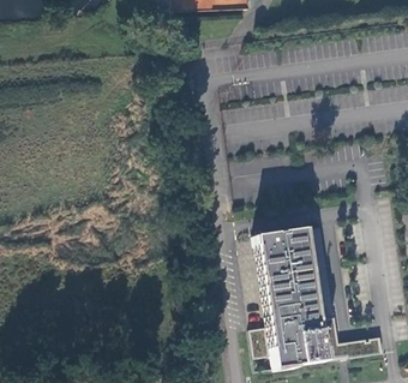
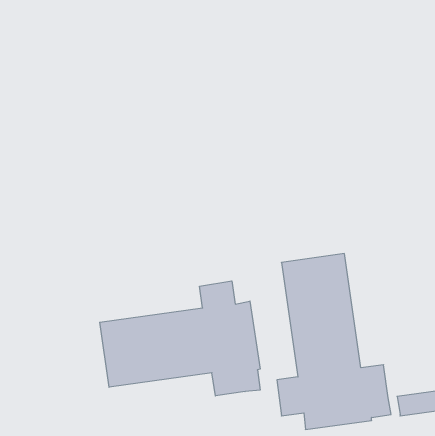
building: none -> [100,281,260,396]

